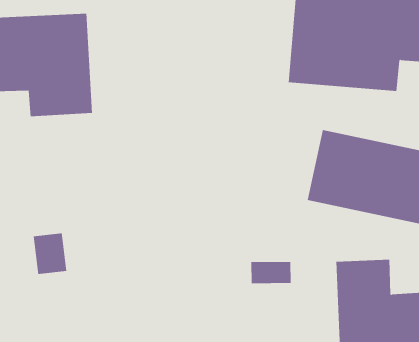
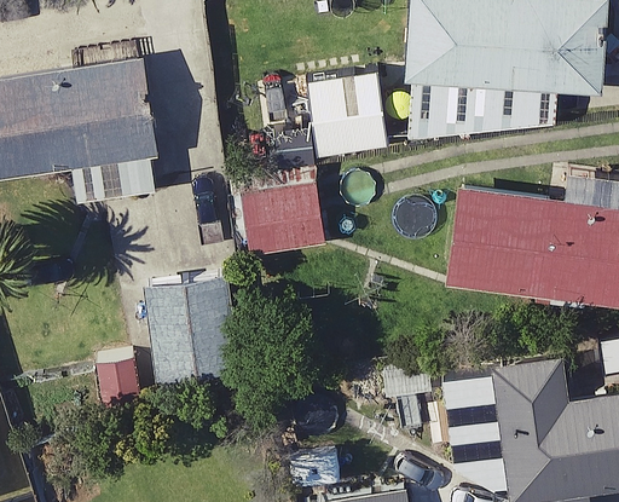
building: none -> [307,73,384,155]
building: none -> [243,163,322,256]
building: none -> [143,277,238,379]

